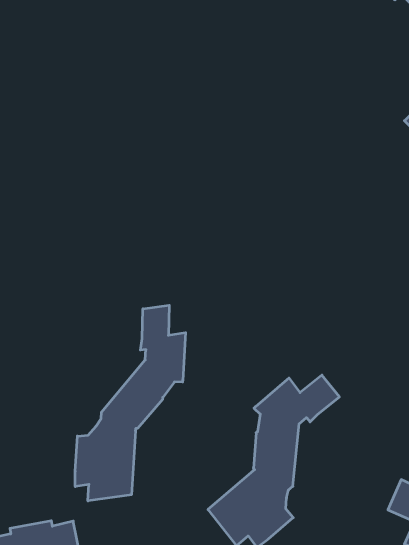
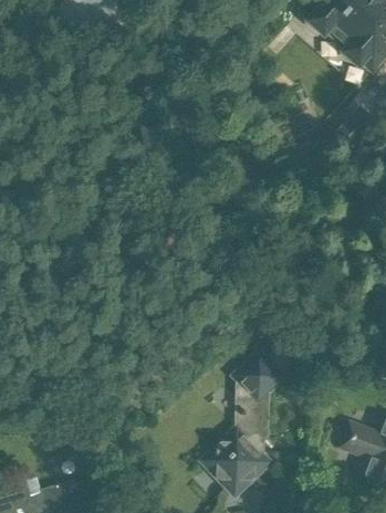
building: [75,305,186,501] -> none

